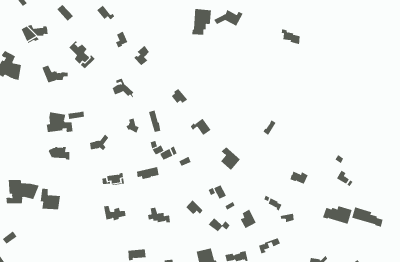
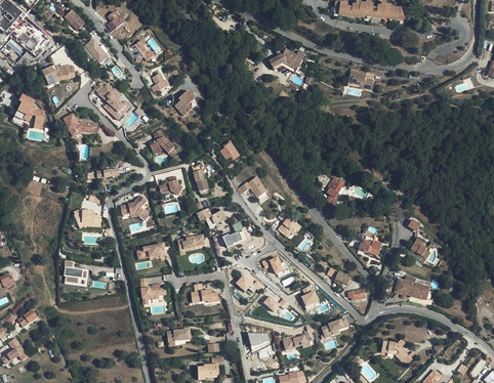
building: [192,8,211,36] -> none
building: [46,111,73,133] -> none
building: [6,179,39,204] -> none
building: [352,207,383,228] -> none

